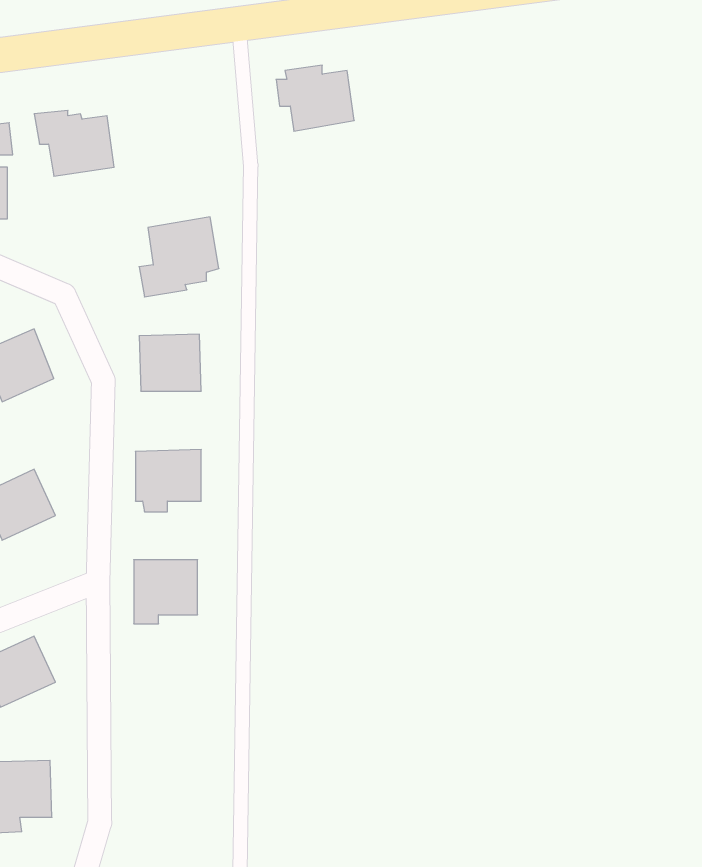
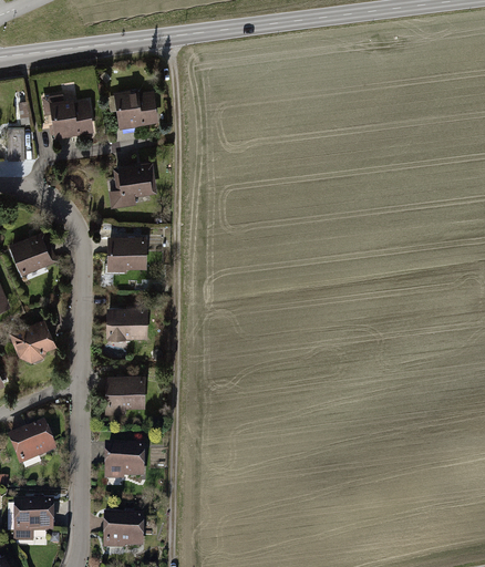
building: [276,65,354,131] -> [107,86,156,127]
building: none -> [104,445,143,484]
building: none -> [104,516,142,555]

